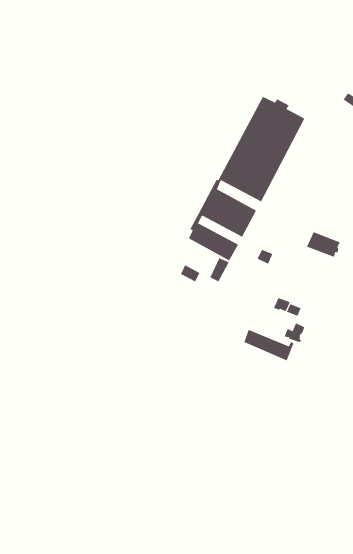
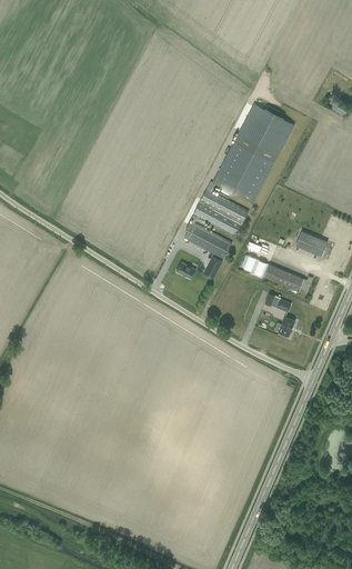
building: [244,329,294,361] -> [264,264,312,295]

